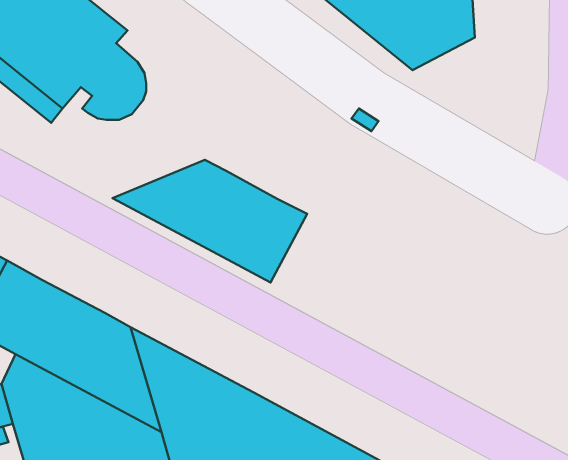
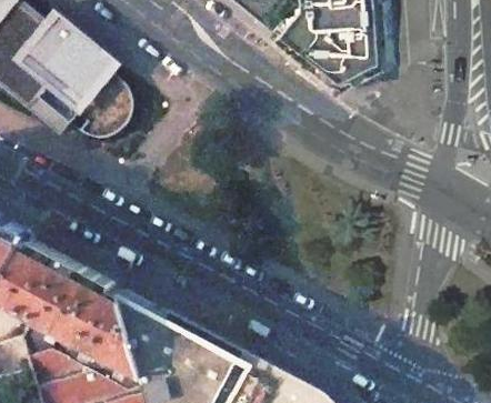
building: [112,160,307,282] -> none

